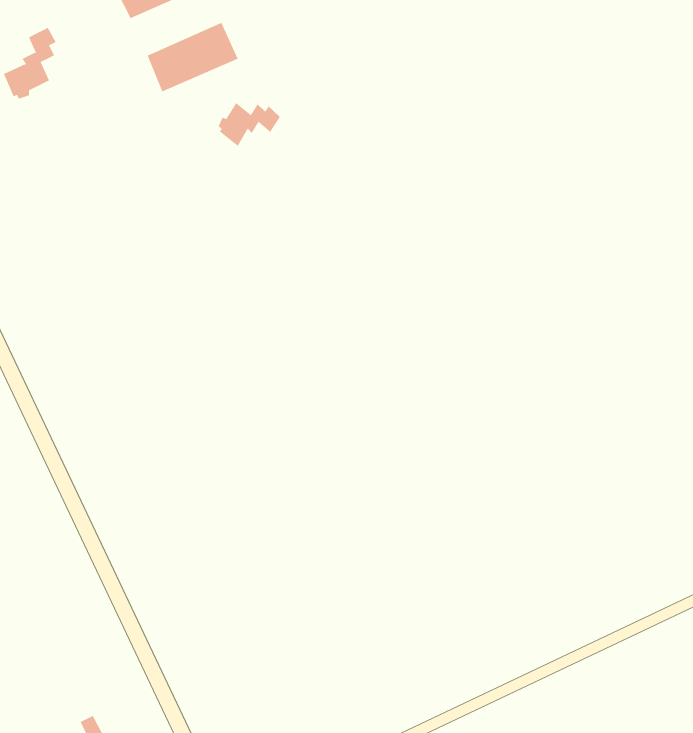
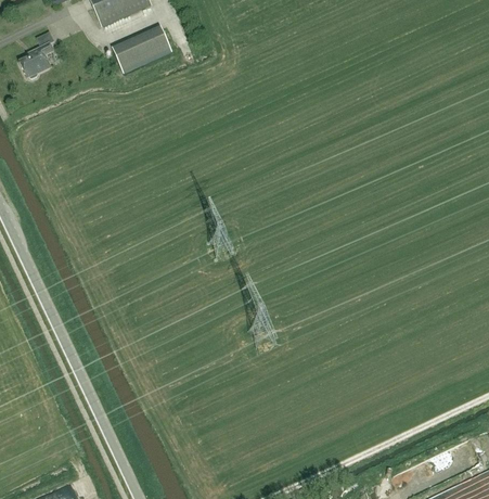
building: [218,102,280,147] -> none

